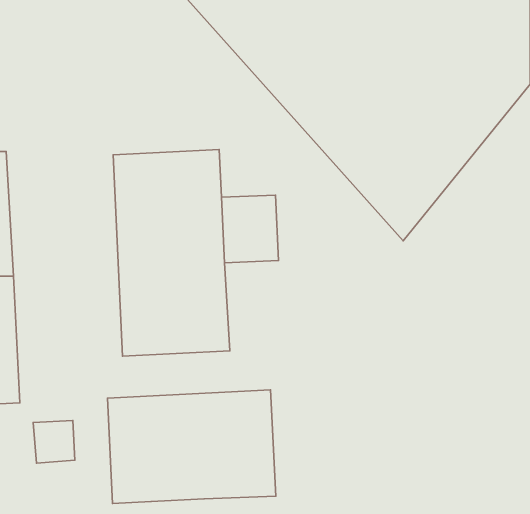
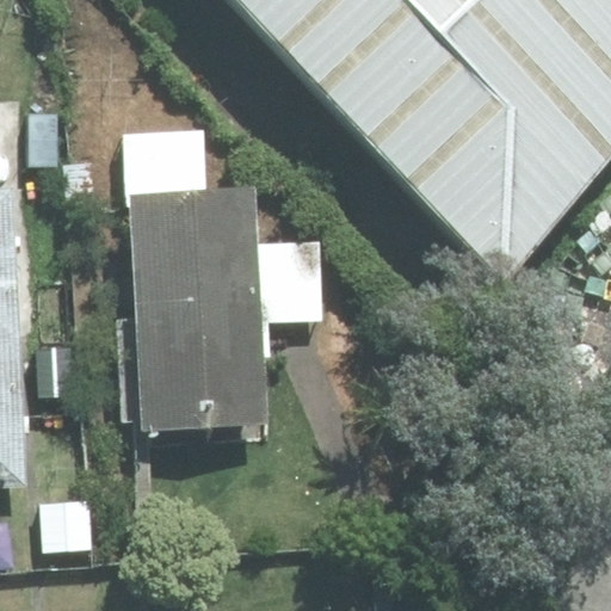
building: [107,390,276,503] -> none

